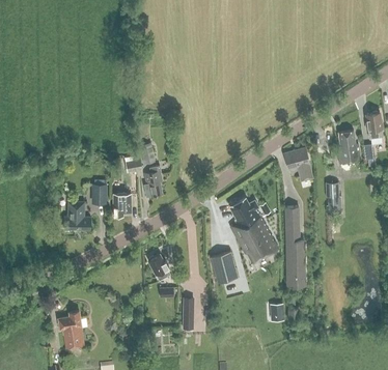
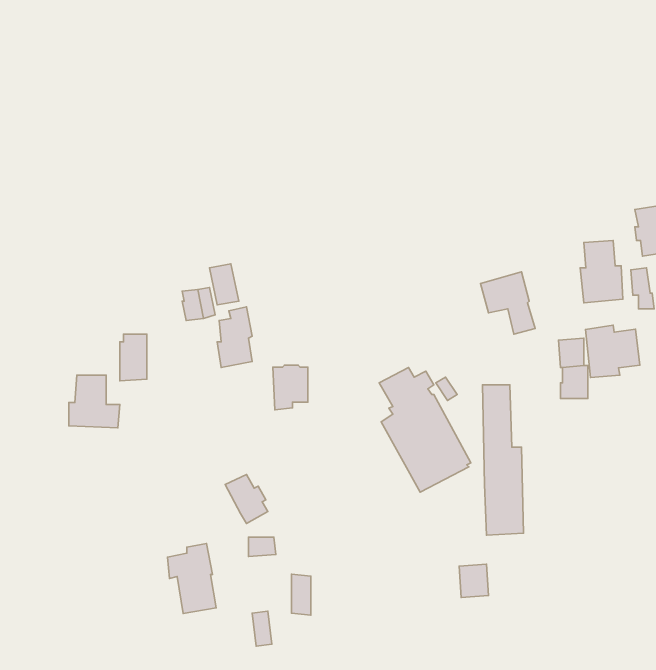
building: none -> [586,325,640,377]
building: [112,192,131,216] -> [273,365,308,410]
building: [211,251,239,282] -> none
building: [58,310,84,347] -> [167,543,216,614]

